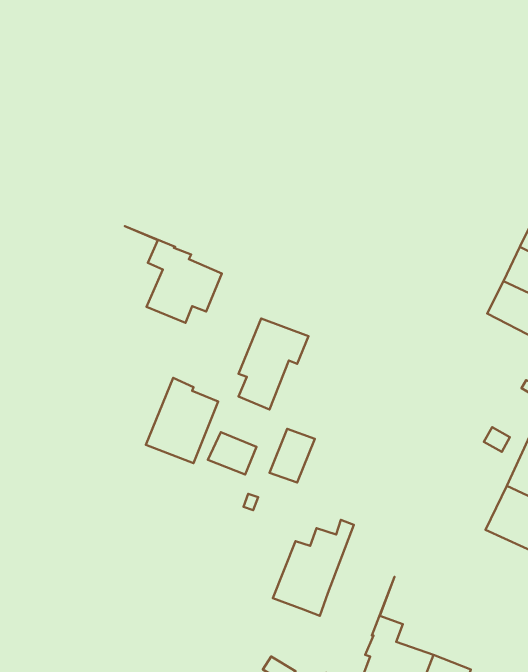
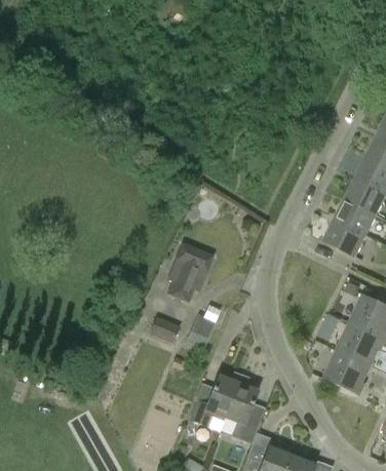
building: [125,226,222,323] -> none
building: [146,378,218,463] -> none
building: none -> [223,374,265,443]

